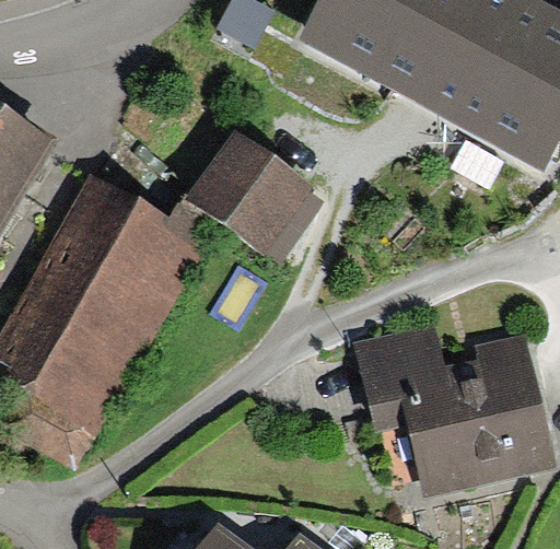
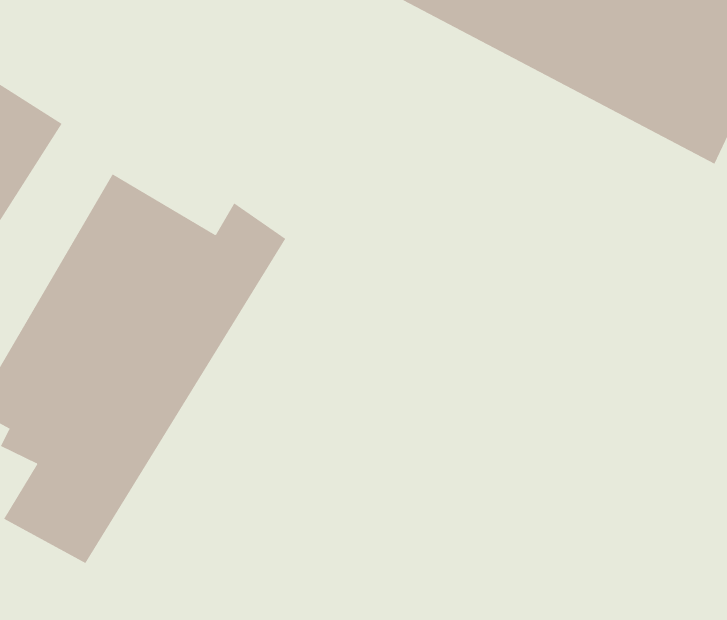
building: [185,129,323,264] -> none
building: [358,328,549,501] -> none

